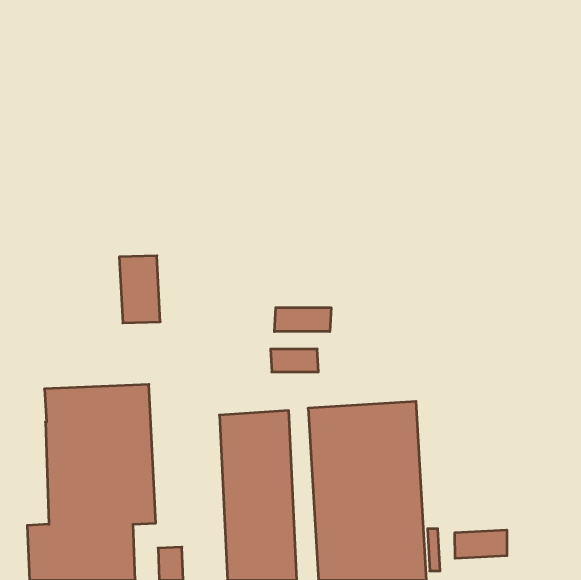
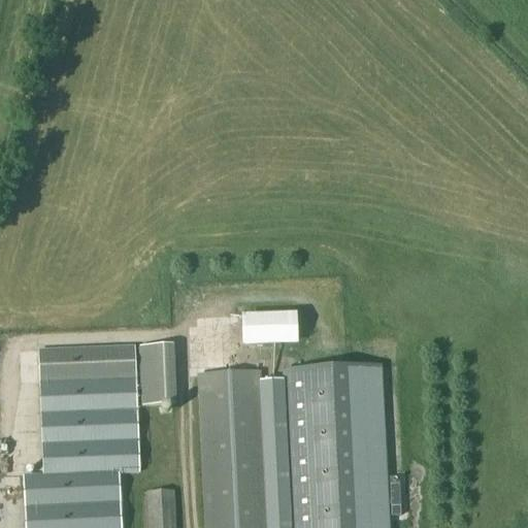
building: [119,256,160,323] -> [137,346,174,407]
building: [274,308,331,332] -> none
building: [455,530,507,558] -> none

